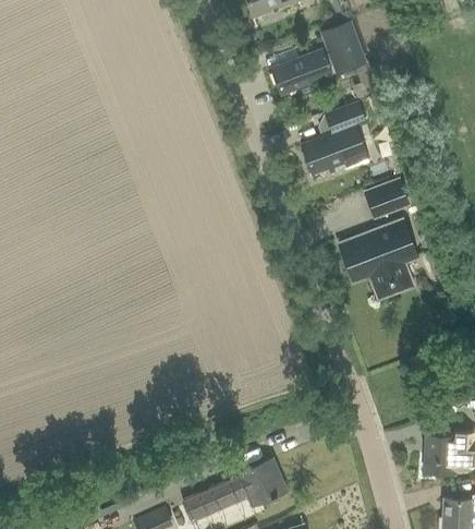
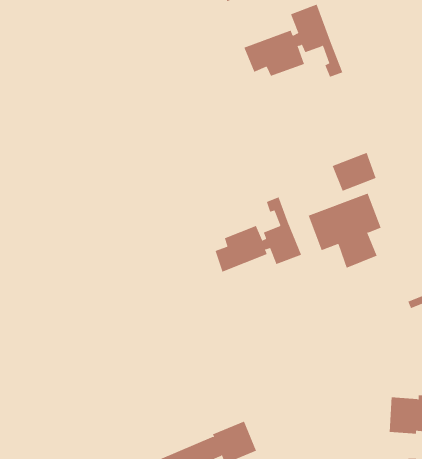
building: [301,100,366,171] -> none
building: none -> [215,197,302,272]

